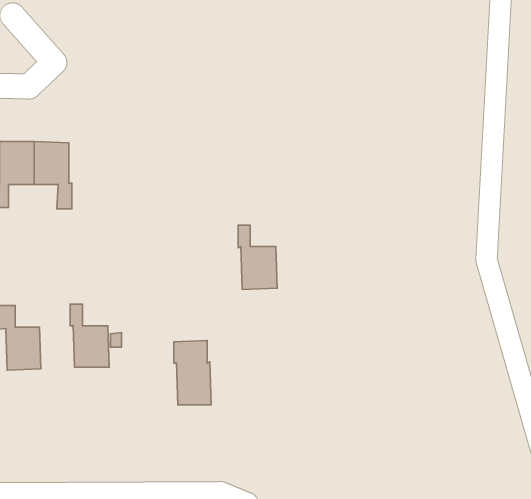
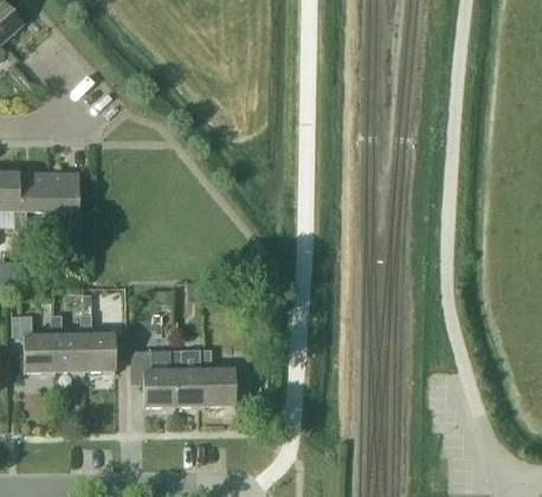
building: [238,225,277,290] -> [200,347,234,404]
building: none -> [50,315,83,372]
building: none -> [130,348,174,405]

